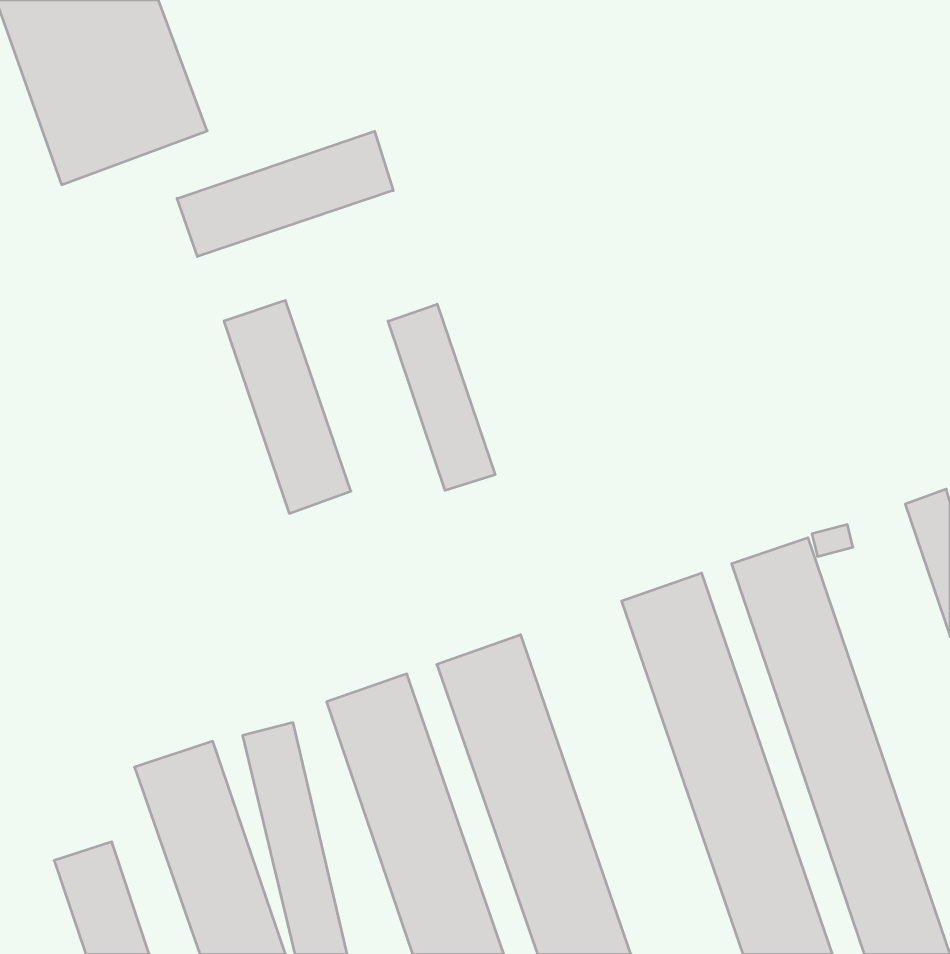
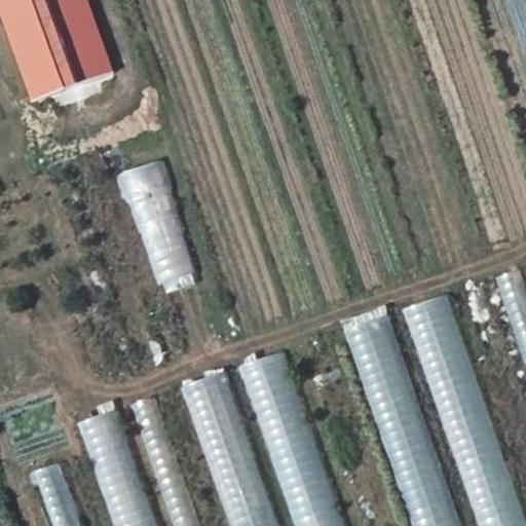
building: [177,131,393,257] -> none
building: [388,304,495,490] -> none

